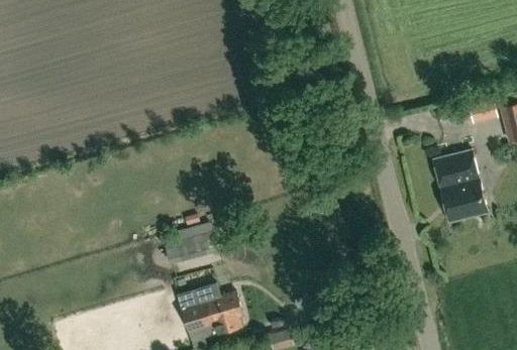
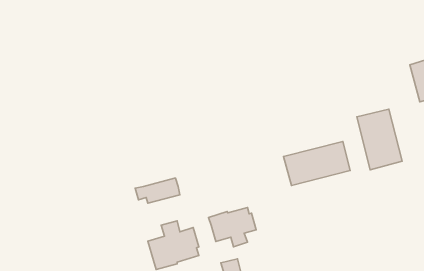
building: none -> [284,141,350,185]
building: none -> [209,207,256,247]

